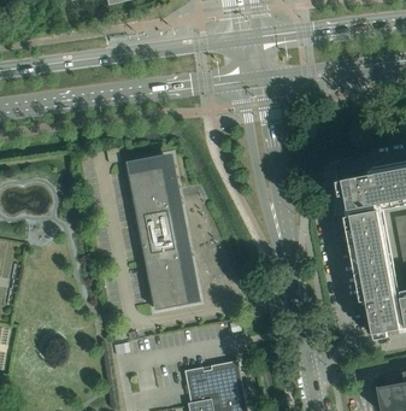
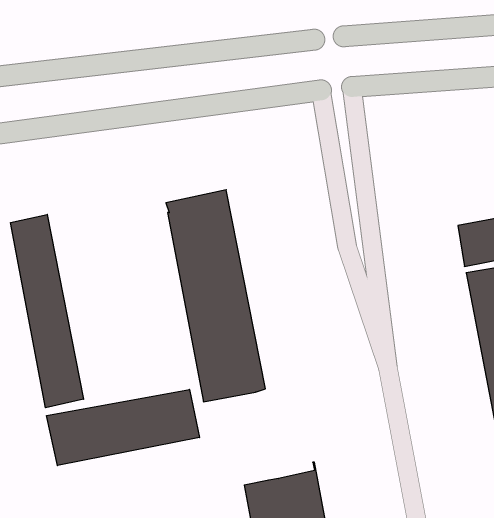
building: none -> [11,214,84,408]
building: none -> [47,389,199,466]

